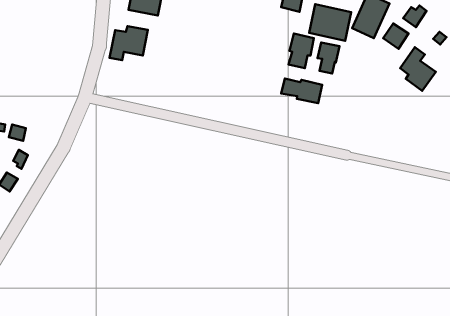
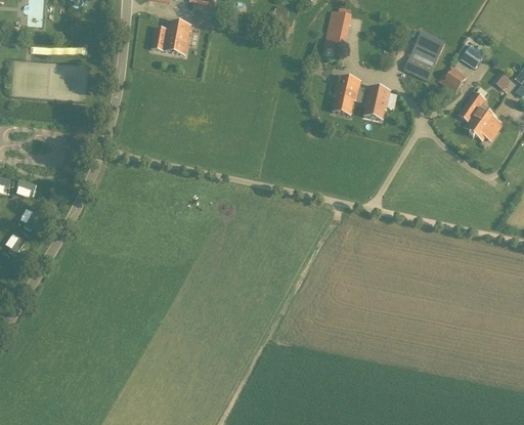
building: [309,4,351,41] -> none
building: [110,26,148,60] -> none
building: [281,78,322,103] -> none

